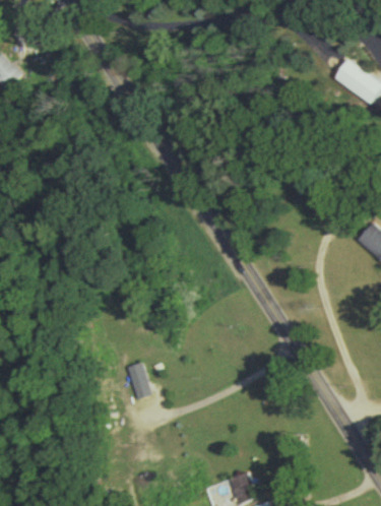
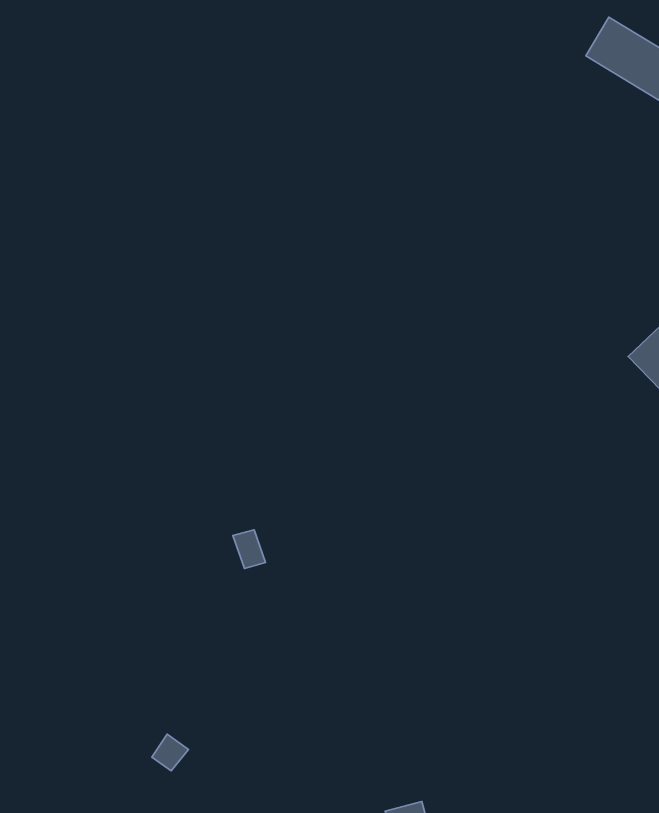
building: [130,365,144,393] -> none

